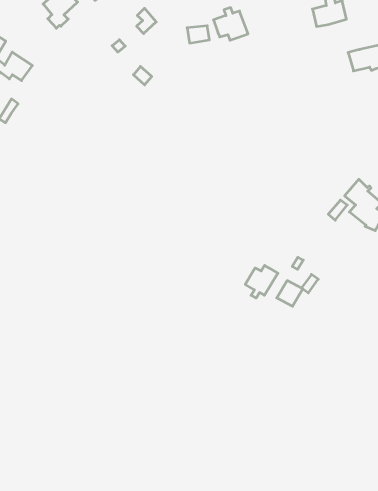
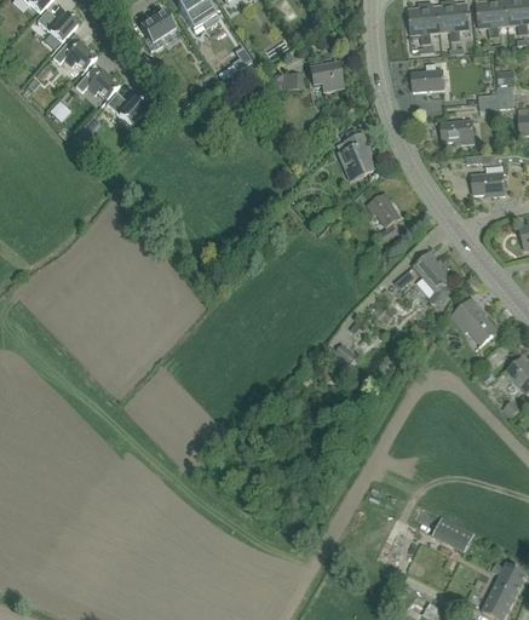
building: none -> [107,92,146,126]
building: none -> [337,132,374,179]
building: none -> [368,193,401,243]
building: [245,265,278,298] -> none

